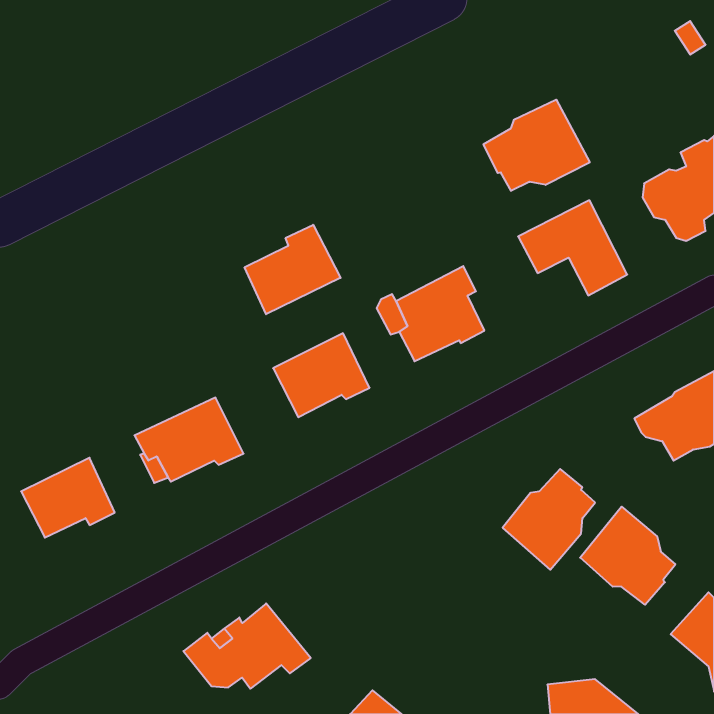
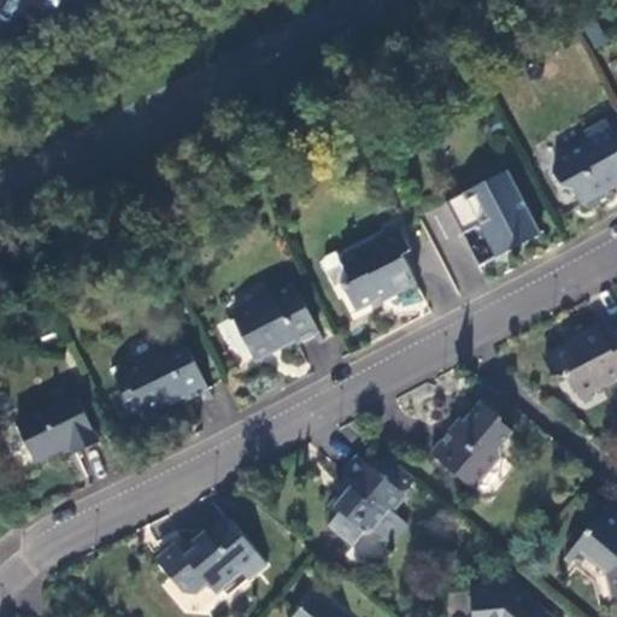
building: [484,100,590,191] -> none
building: [245,225,341,314] -> none
building: [580,507,675,605] -> none
building: none -> [330,456,416,545]

